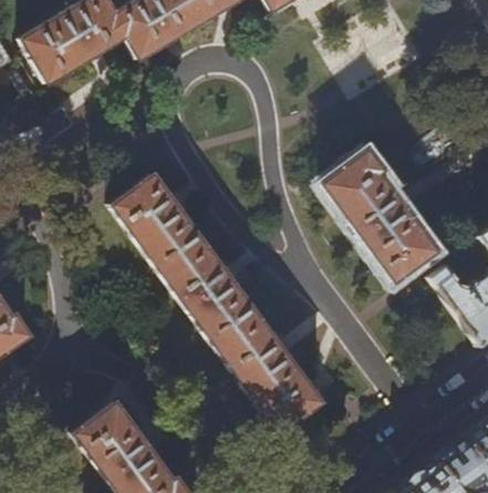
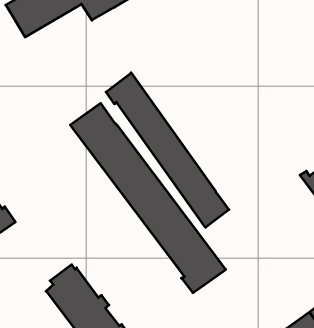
building: none -> [106,73,229,227]
building: [314,150,435,283] -> none

